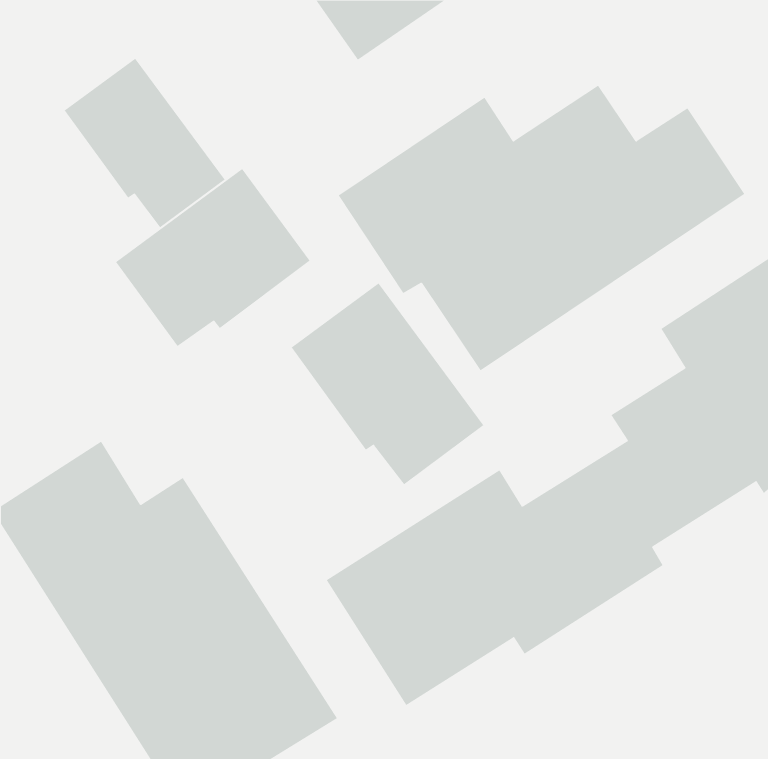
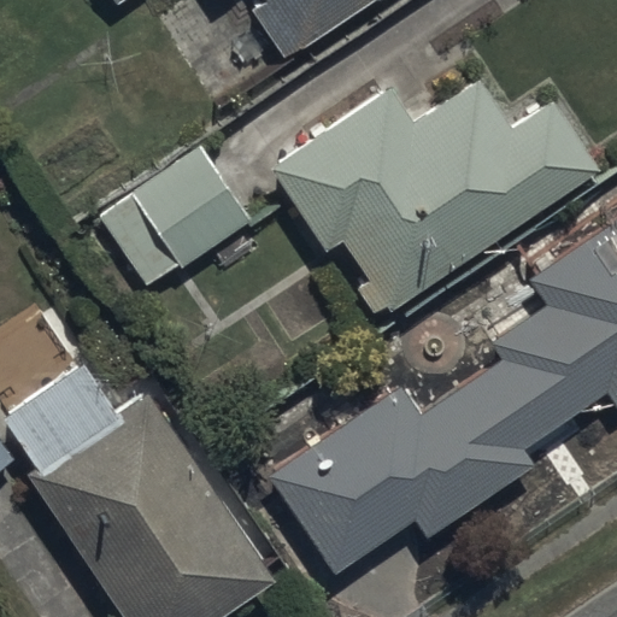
building: [64,58,225,228] -> none
building: [291,282,484,485] -> none

